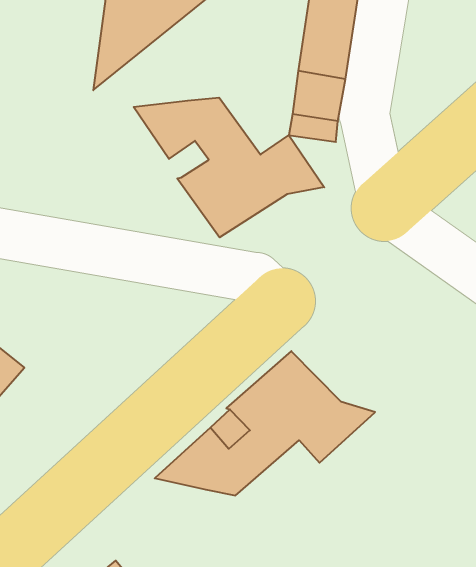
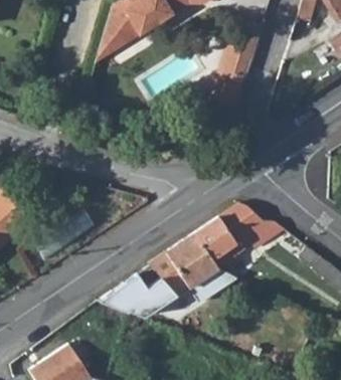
building: [134,98,324,237] -> none
building: none -> [191,202,287,267]

